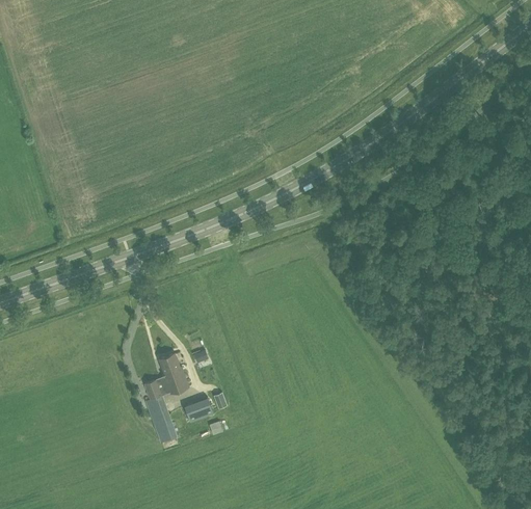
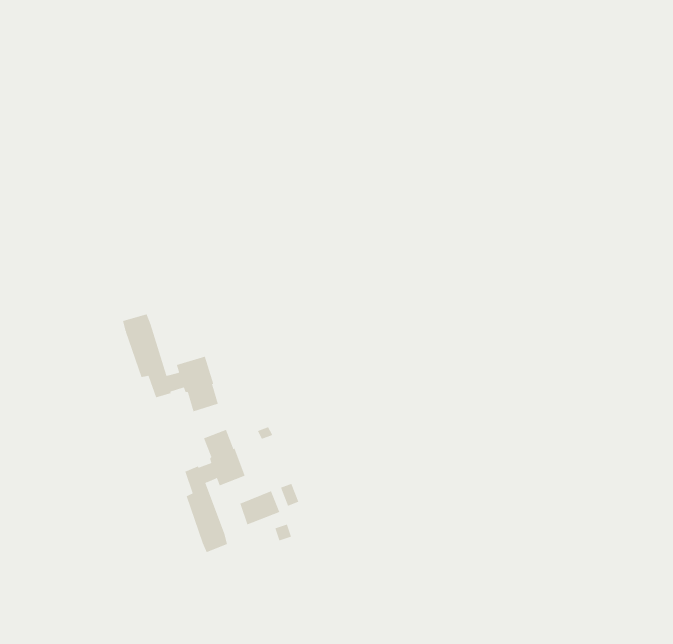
building: none -> [123,314,219,412]

